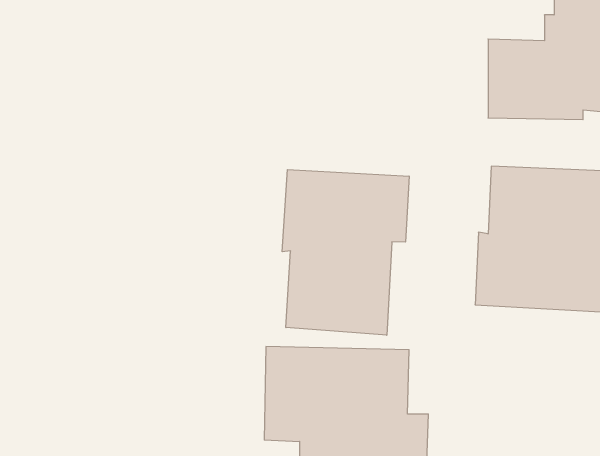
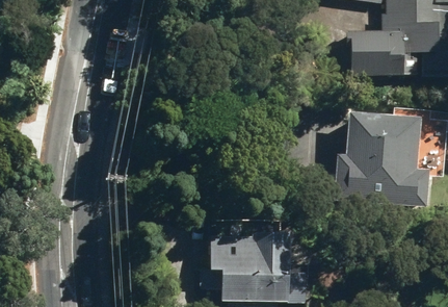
building: [282,170,409,335] -> none

